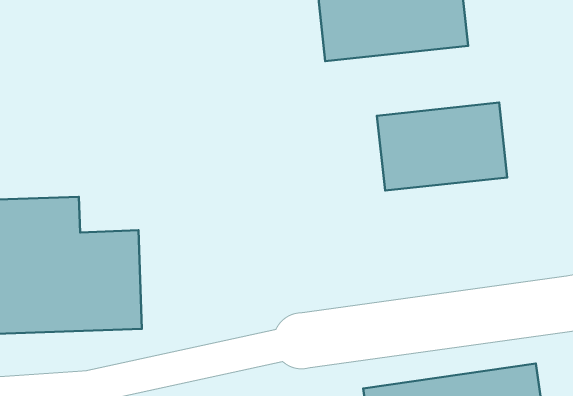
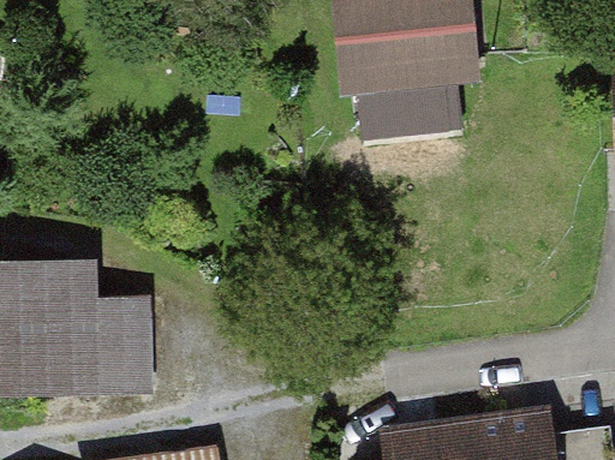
building: [377,103,507,191] -> none

